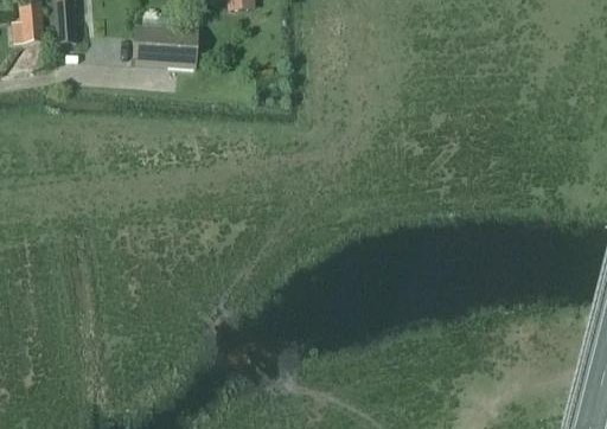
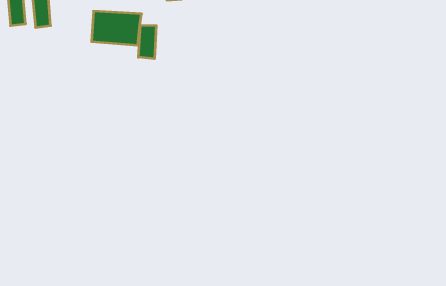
building: none -> [138,25,156,59]

